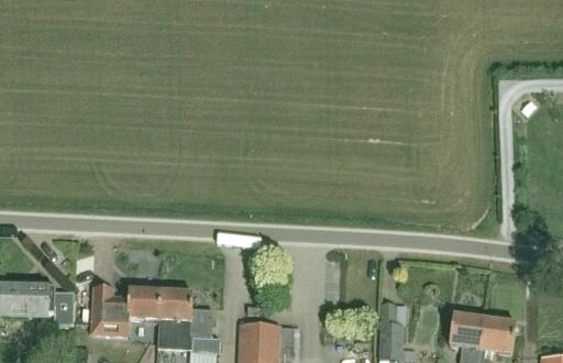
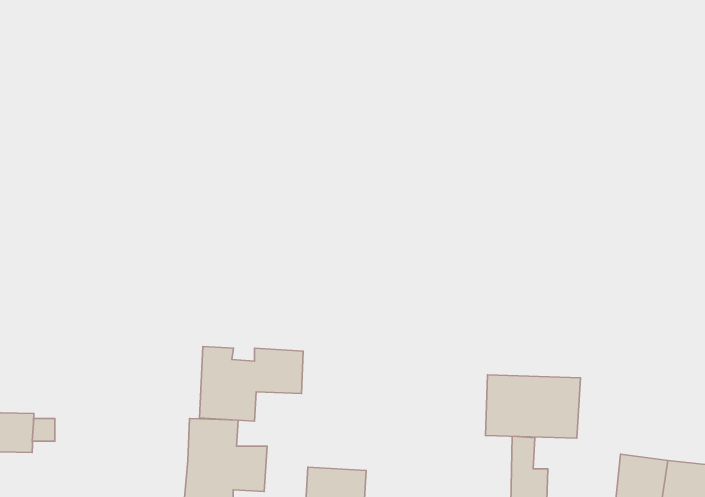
building: none -> [486,375,581,438]
building: [91,286,162,337] -> [200,346,303,421]

